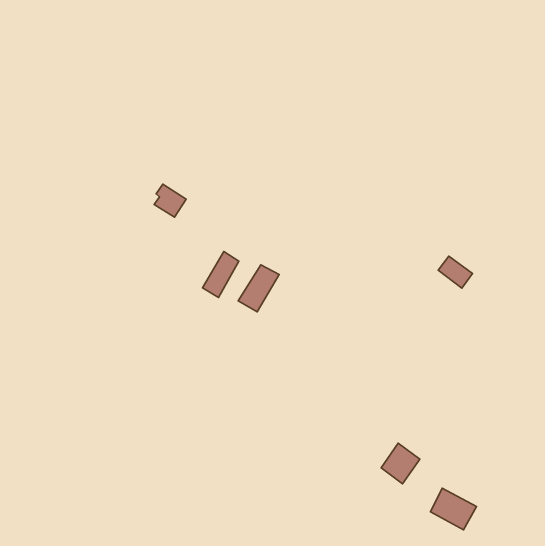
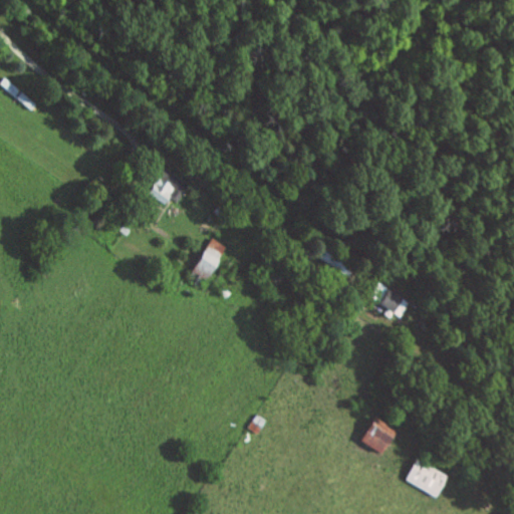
building: [438,256,472,288] -> [378,287,411,317]
building: [238,265,279,312] -> none

